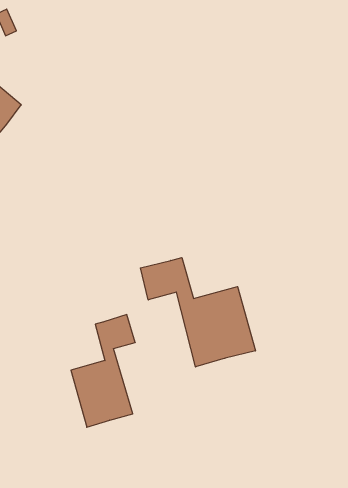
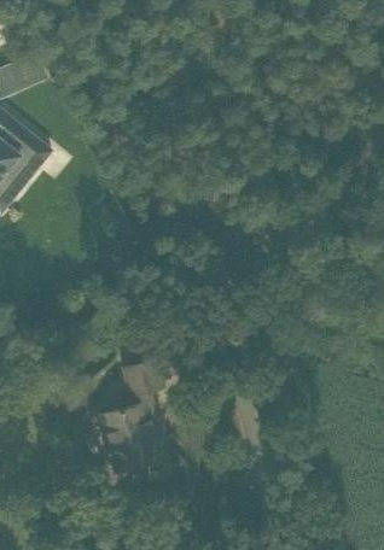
building: [140,258,255,367] -> none

